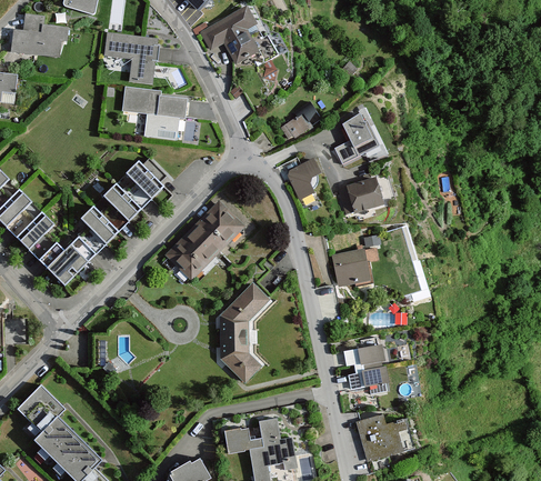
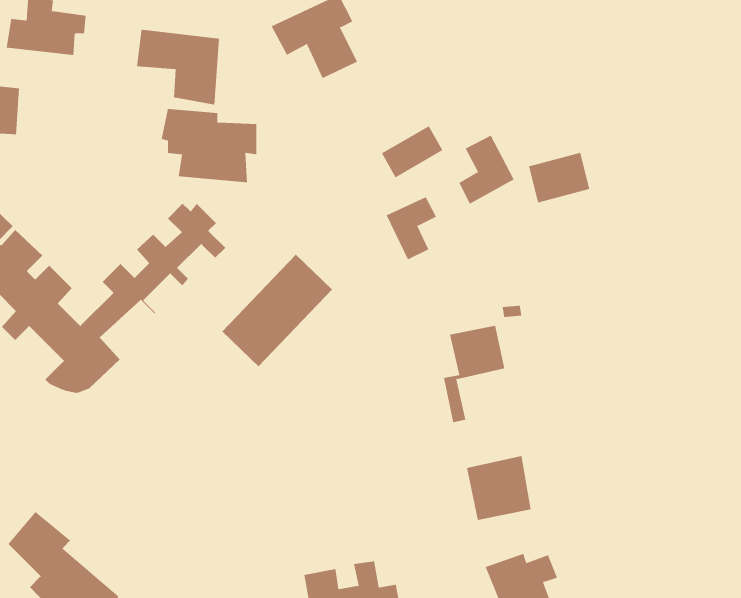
building: [339,178,383,214] -> [528,152,590,203]
building: [219,279,272,389] -> none

